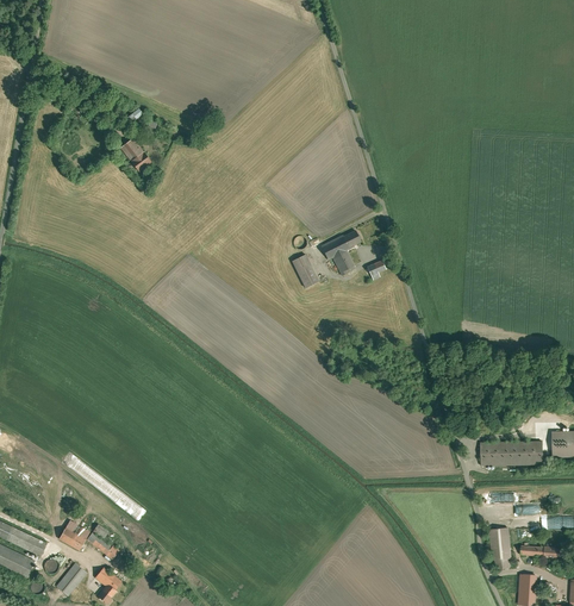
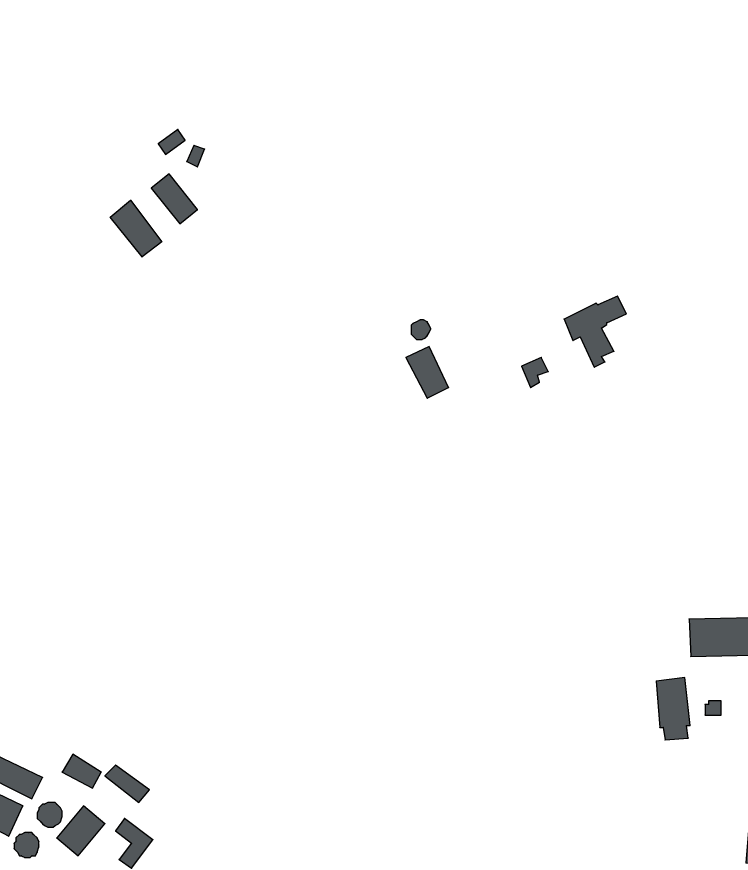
building: none -> [110,200,162,257]
building: [320,232,362,280] -> [564,296,626,367]
building: [489,523,512,564] -> [656,678,690,740]

